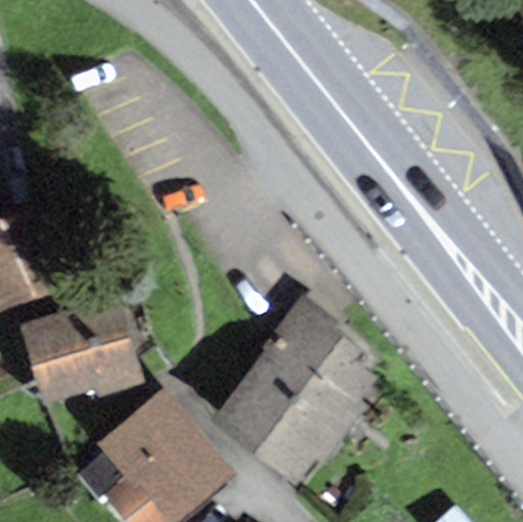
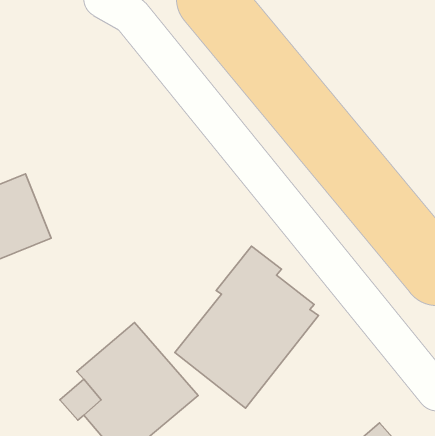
building: [21,299,146,405] -> none

